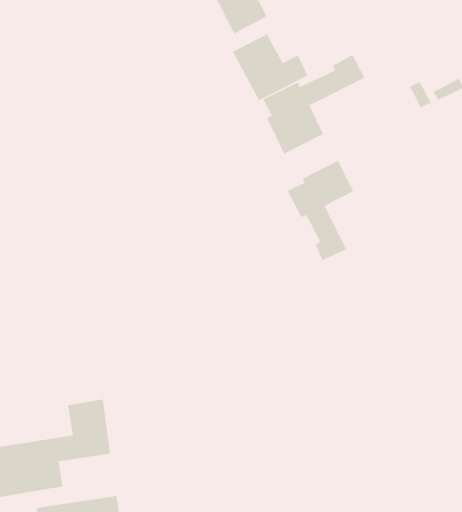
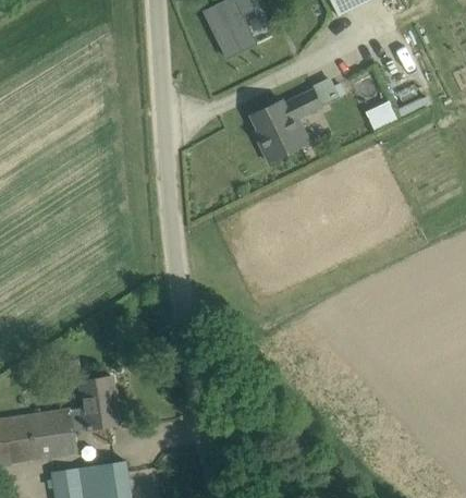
building: [232,33,308,101] -> none
building: [287,160,354,261] -> none

